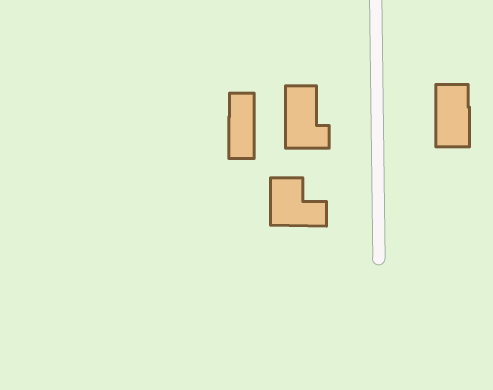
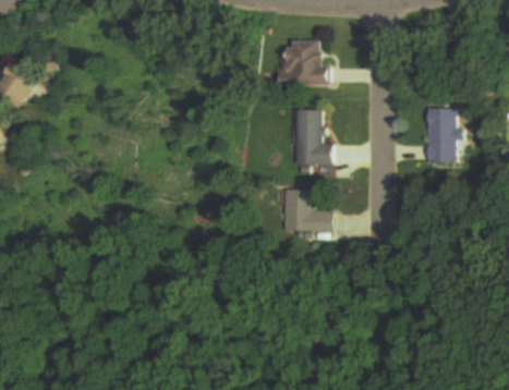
building: none -> [286,41,328,86]
building: [229,93,254,159] -> none

